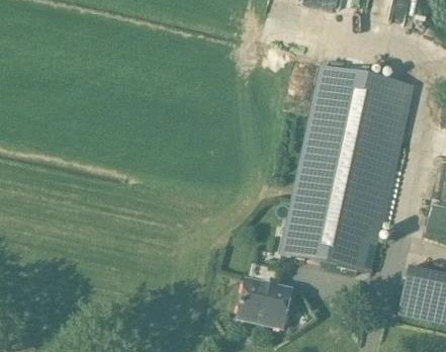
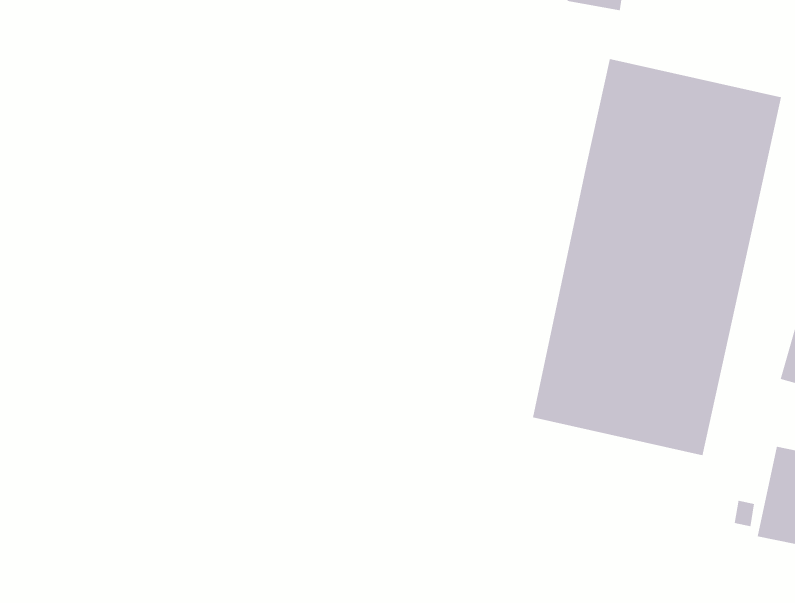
building: [239,262,291,328] -> none

